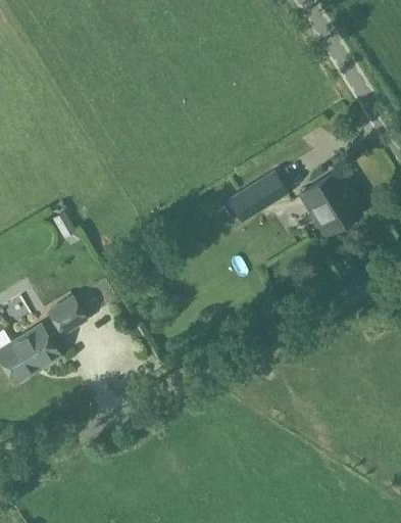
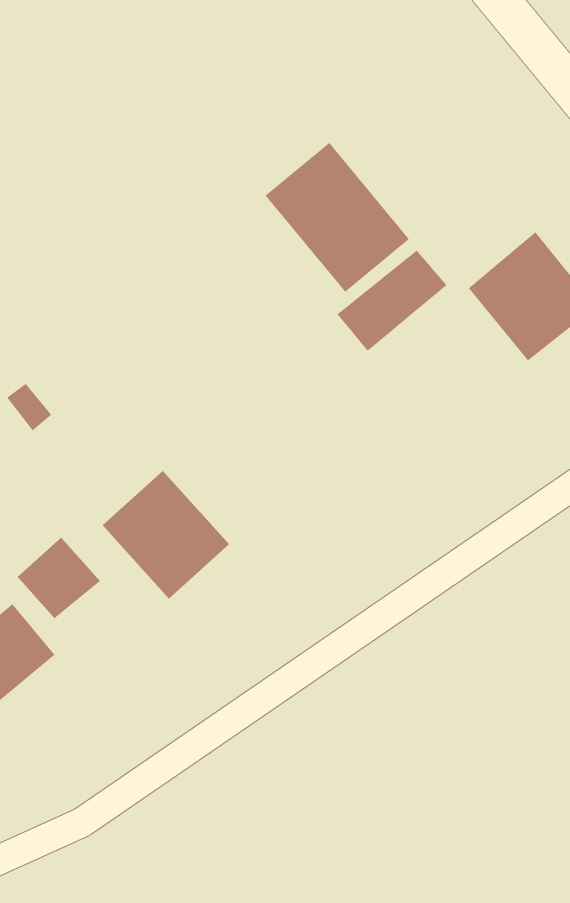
building: none -> [265,142,410,293]
building: none -> [102,470,230,599]

